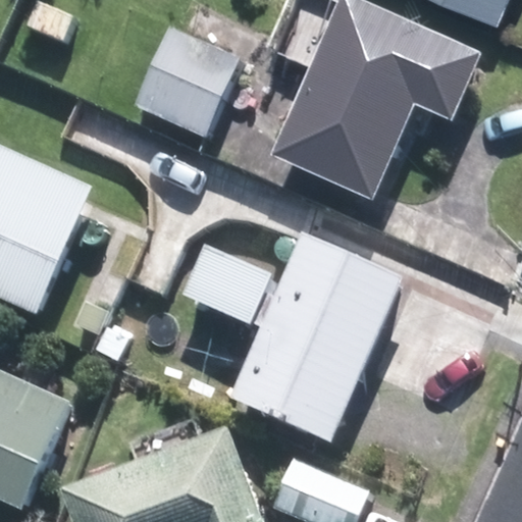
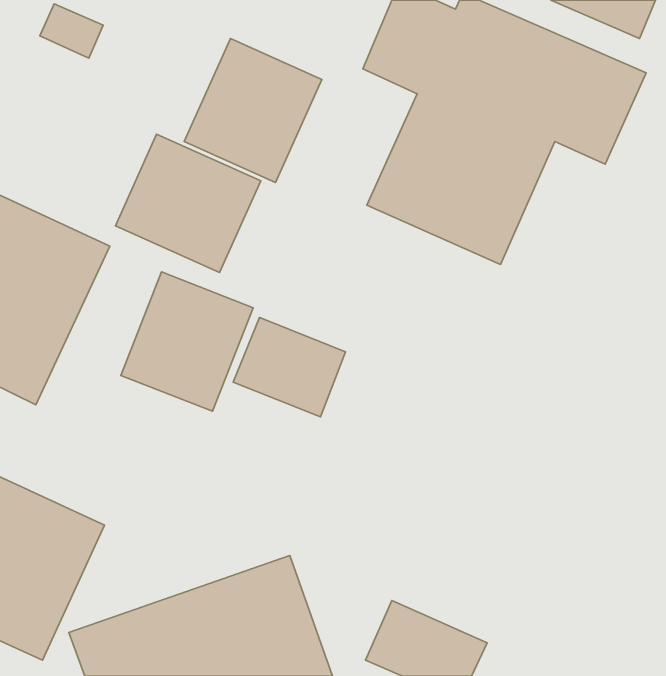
building: none -> [115,134,261,272]
building: none -> [121,272,253,411]
building: [224,232,400,441] -> none

